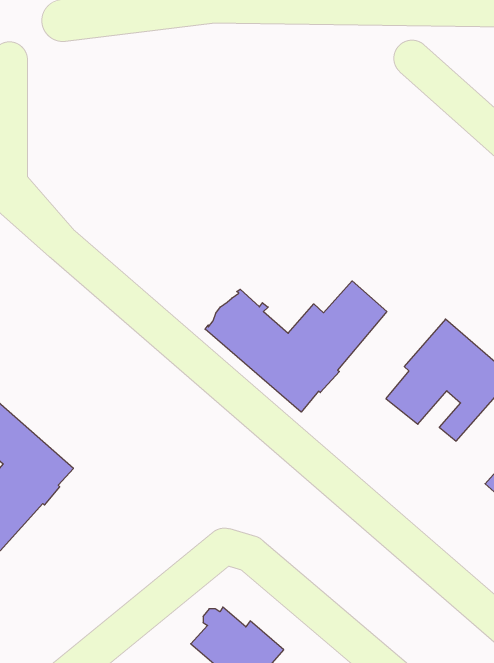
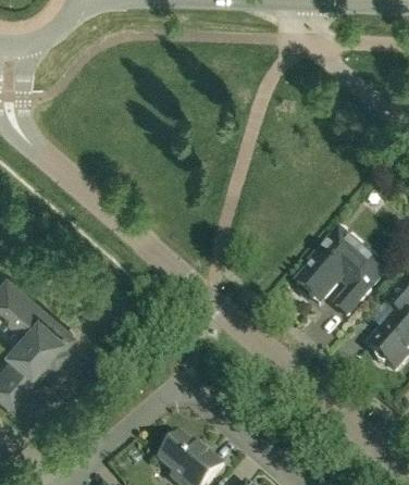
building: [205,281,387,412] -> none

